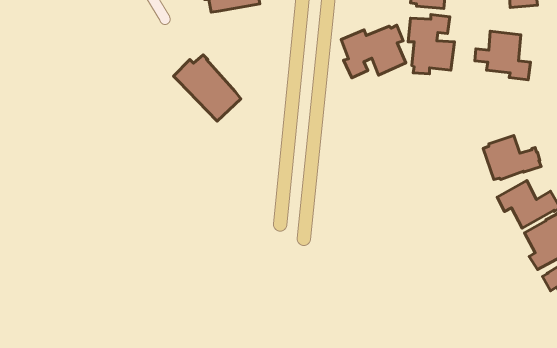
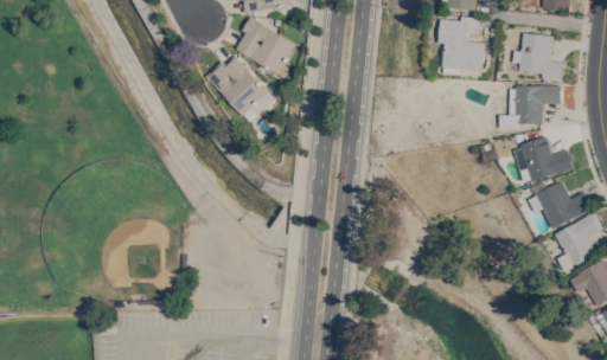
building: none -> [235,17,295,77]
building: [341,25,406,78] -> none
building: none -> [499,85,561,128]

